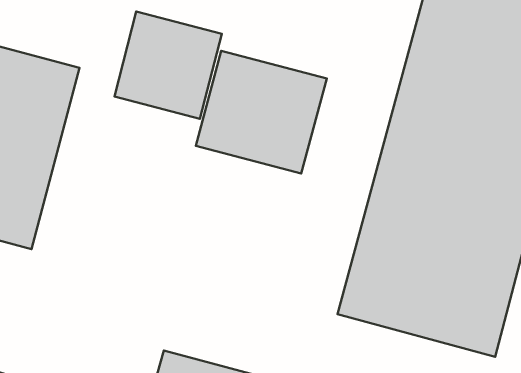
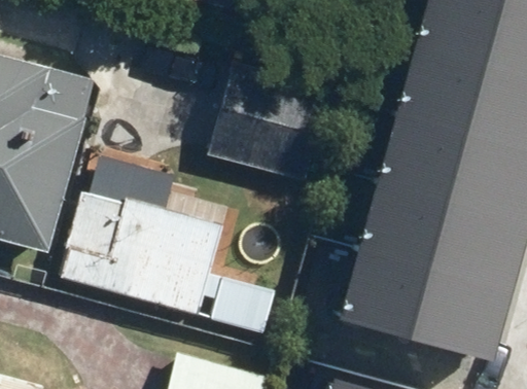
building: [114,11,222,119] -> none
building: none -> [57,189,222,314]

